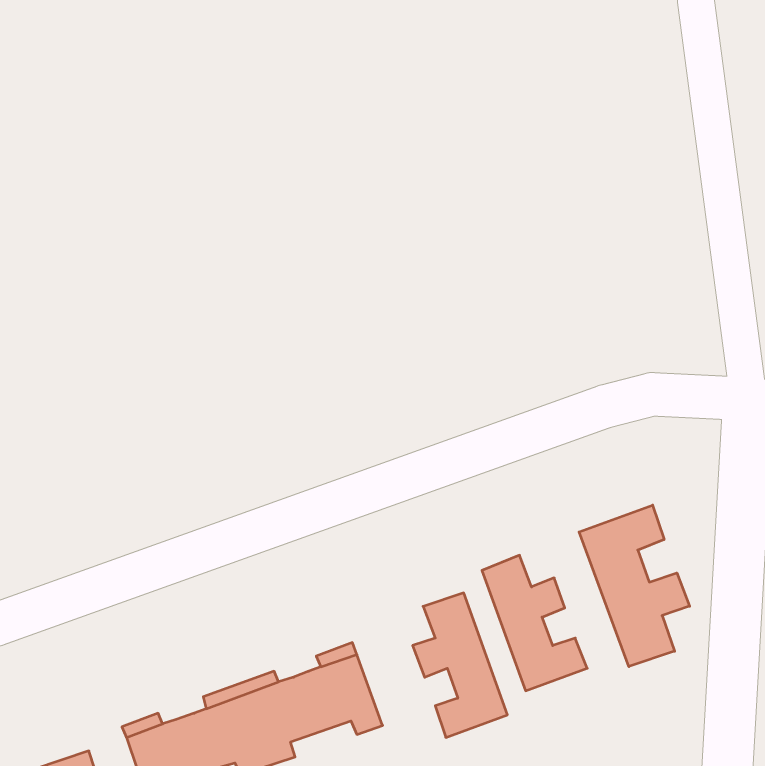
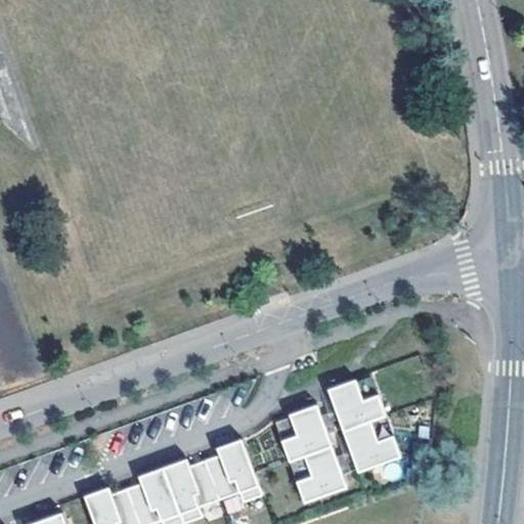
building: [579,505,690,667] -> none

